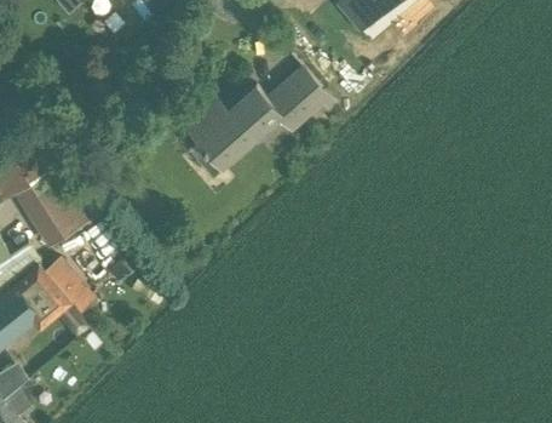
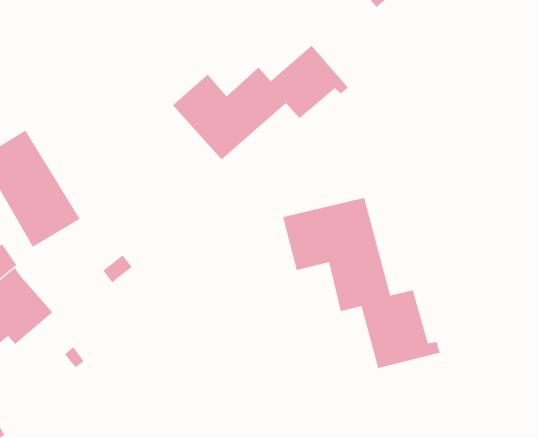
building: none -> [282,197,440,369]
building: [44,258,94,313] -> none

